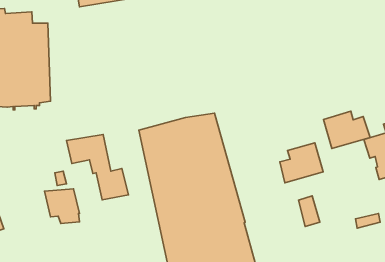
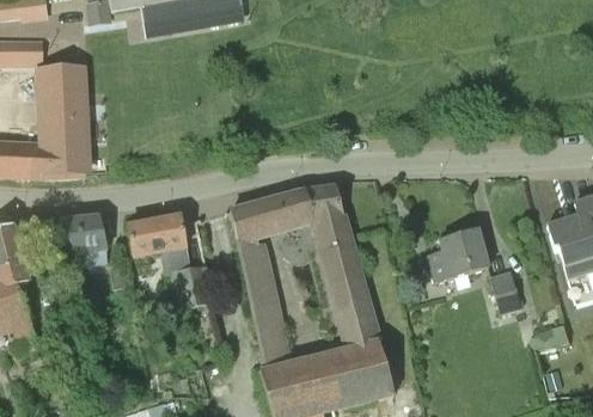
building: [324,111,370,149] -> none
building: [45,189,79,224] -> [59,215,108,264]
building: [298,196,320,226] -> [491,270,521,313]

